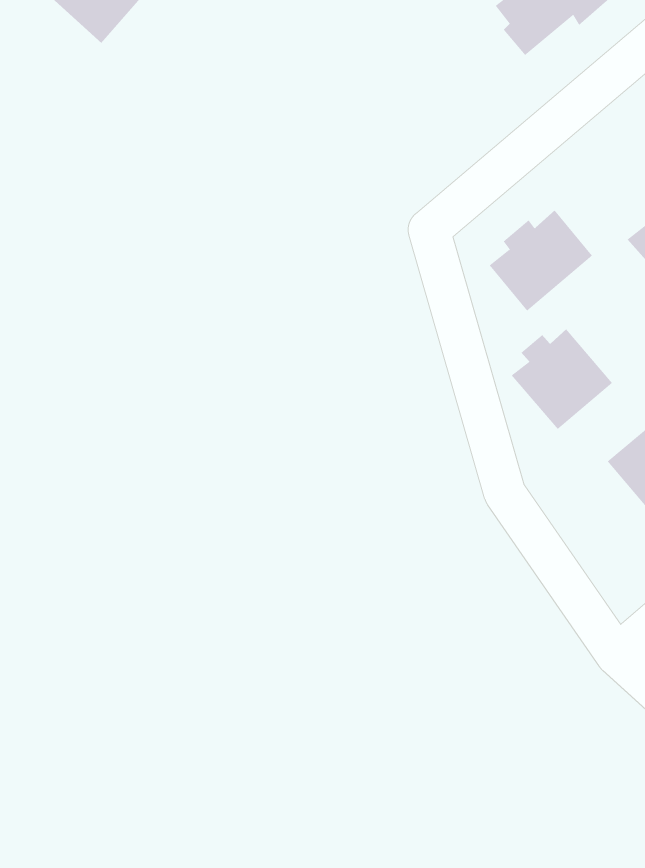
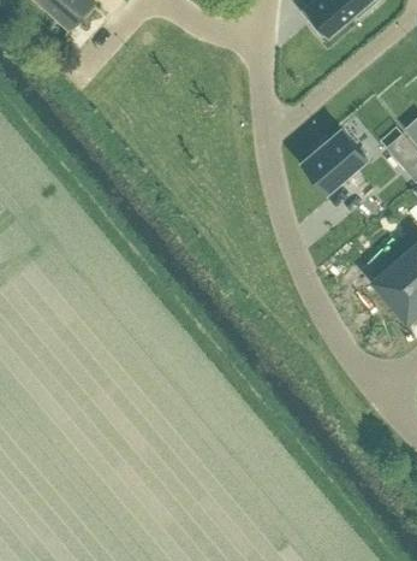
building: [511,329,613,430] -> none

